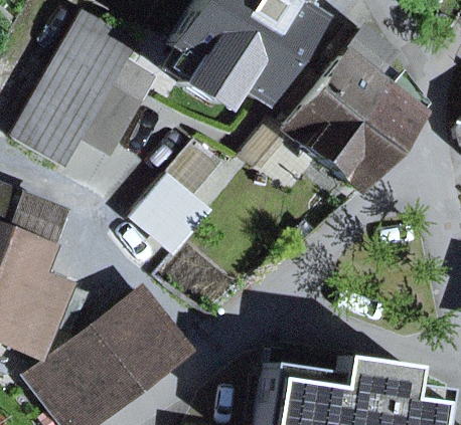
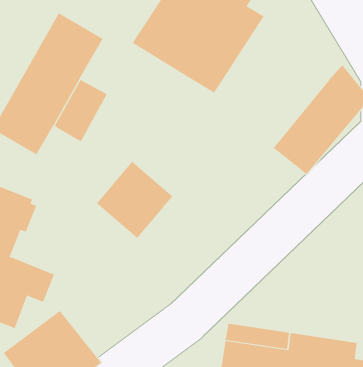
building: [282,30,393,159] -> none
building: [91,293,187,389] -> none

